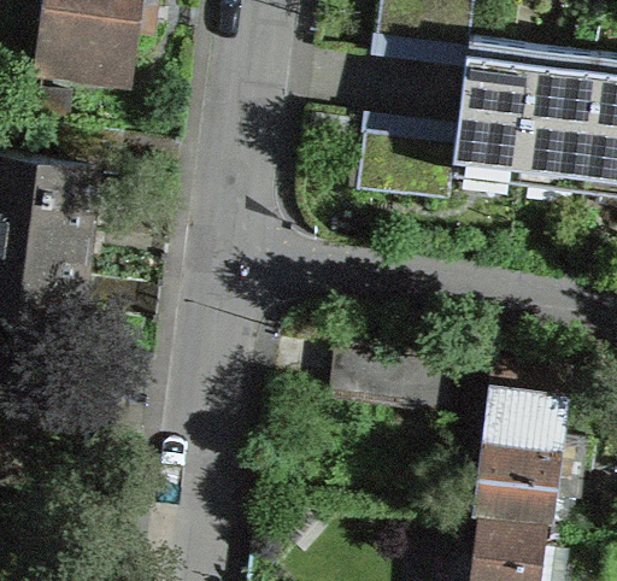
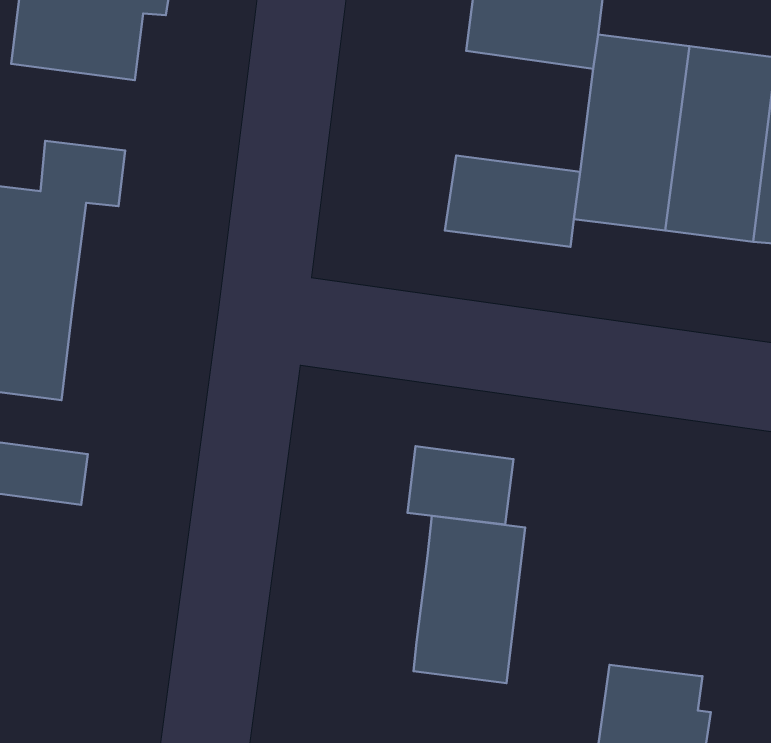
building: [480,362,587,515] -> none
building: none -> [413,516,525,683]

